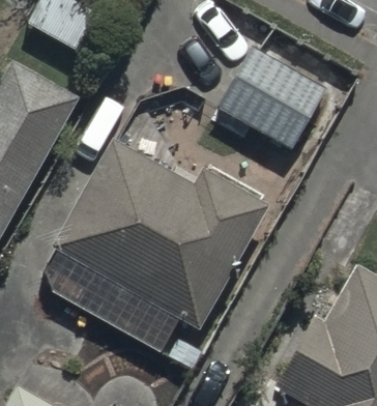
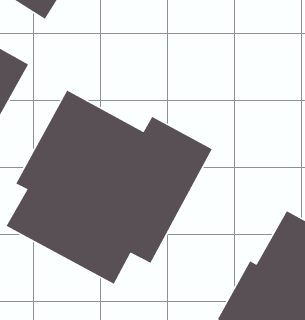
building: [215,49,326,158] -> none

